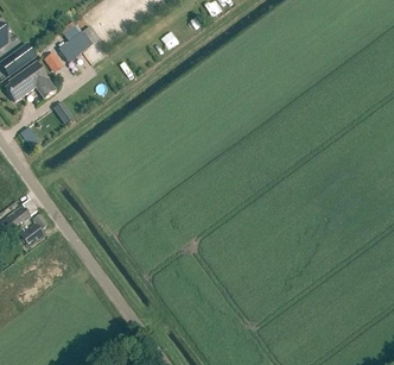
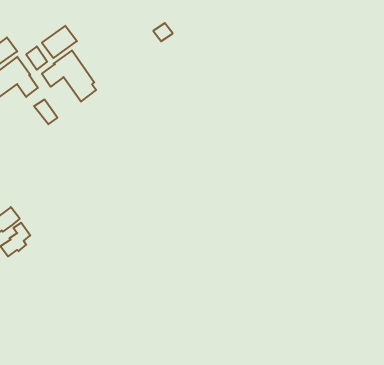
building: none -> [42,50,96,102]

